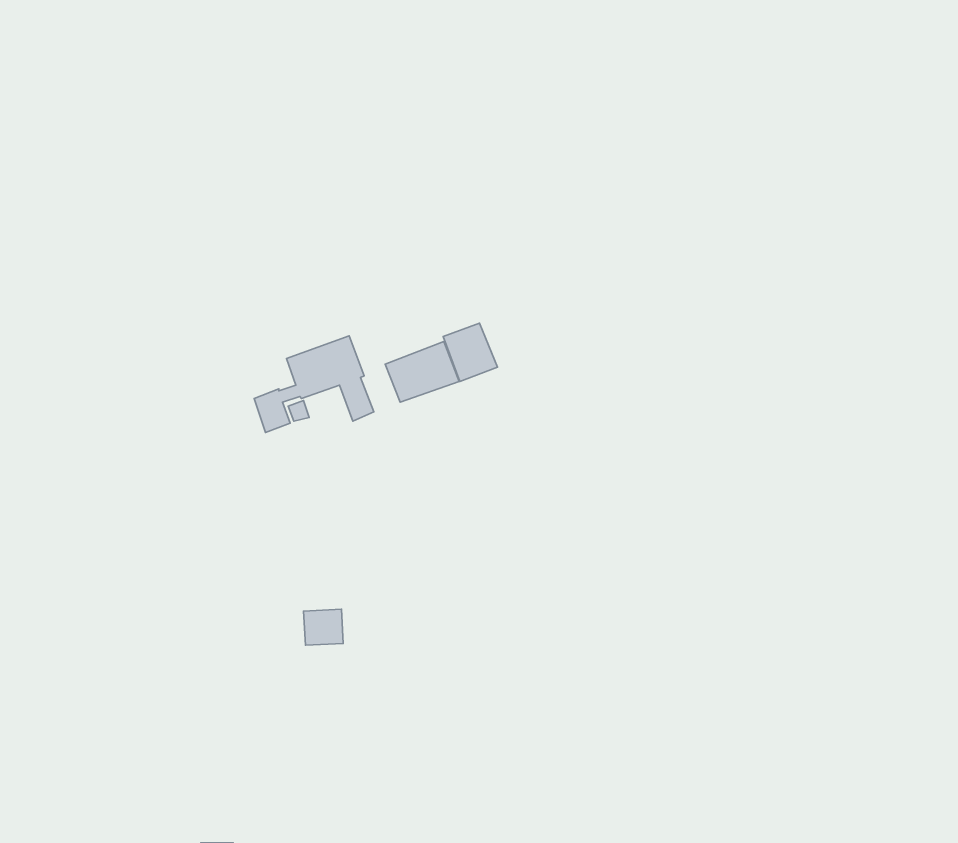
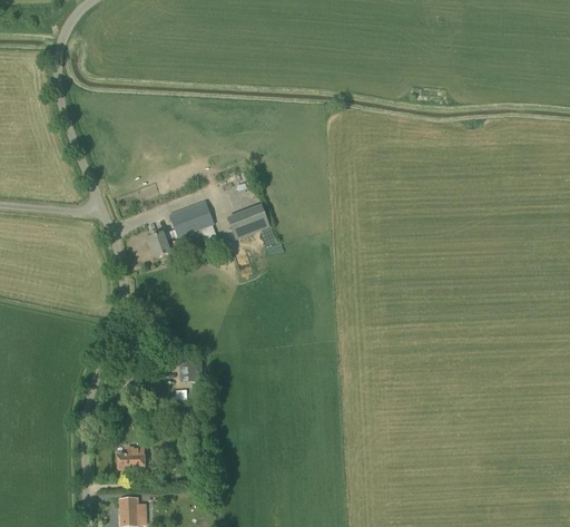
building: [443,323,498,381] -> none
building: none -> [117,446,144,474]

